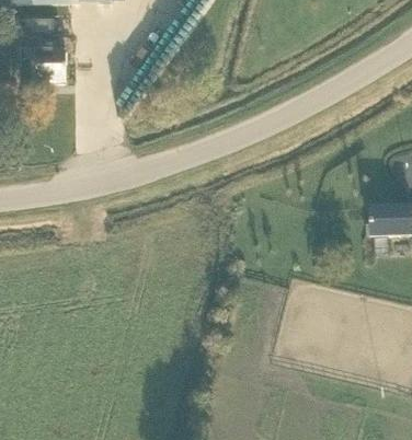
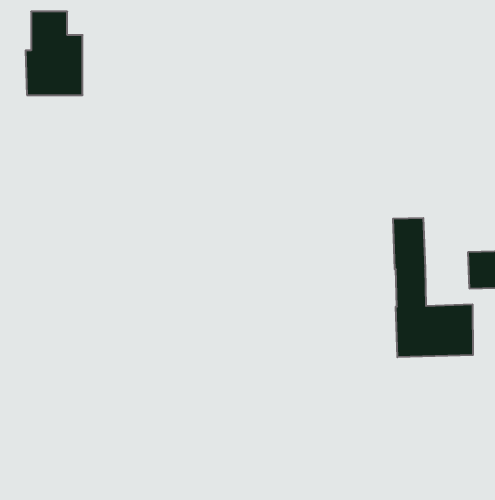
building: none -> [393,218,473,357]

